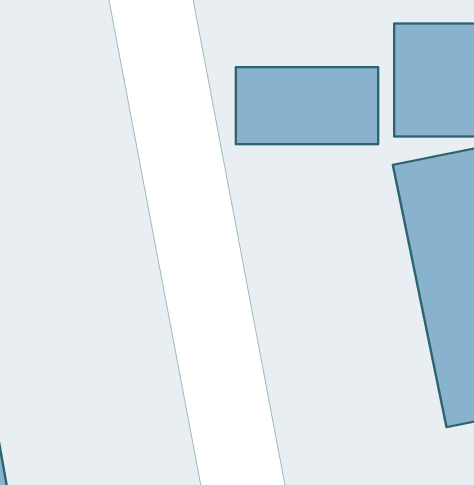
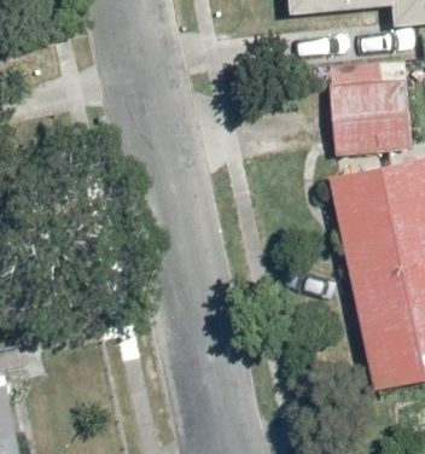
building: [236,67,378,144] -> none

